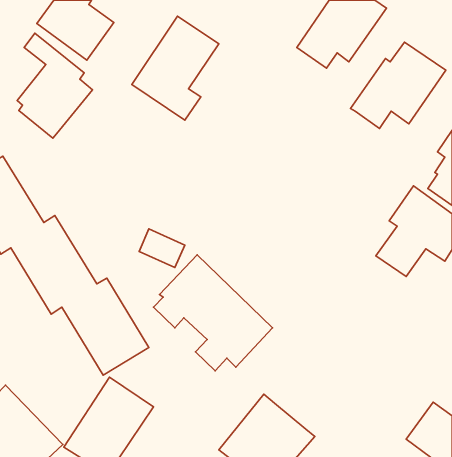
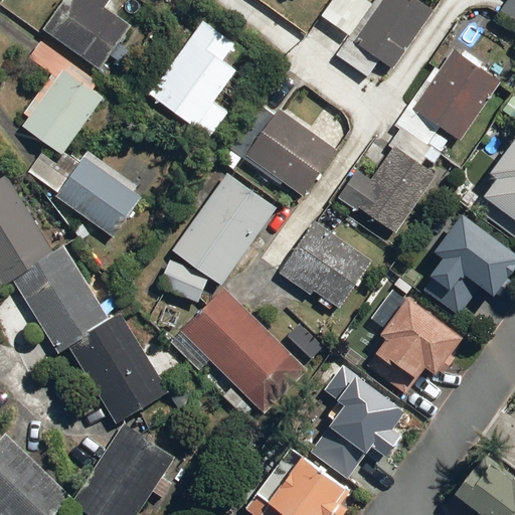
building: none -> [236,108,336,196]
building: none -> [336,127,441,235]
building: none -> [25,148,145,238]
building: none -> [172,172,276,285]
building: none -> [273,218,372,309]
building: none -> [371,293,468,391]
building: none -> [308,371,412,483]

